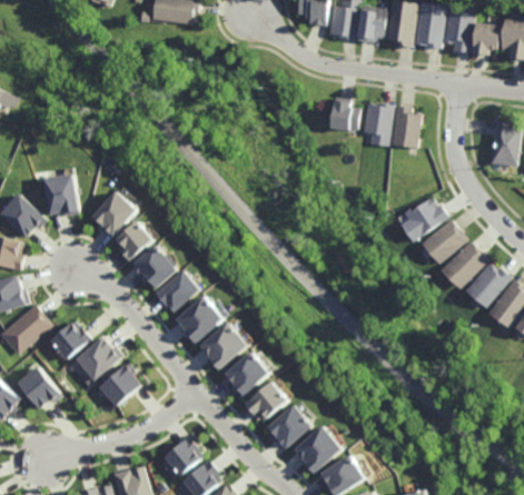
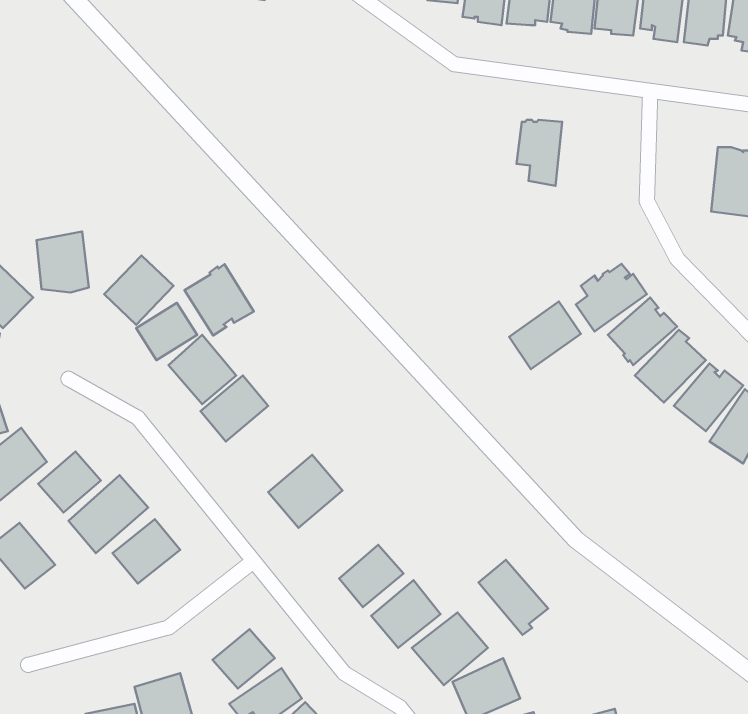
building: [332,97,359,129] -> none
building: [390,105,421,147] -> none
building: none -> [185,264,254,336]
building: none -> [509,302,581,369]
building: [175,296,224,344] -> none
building: [224,352,269,397] -> none
building: none -> [478,560,548,635]

